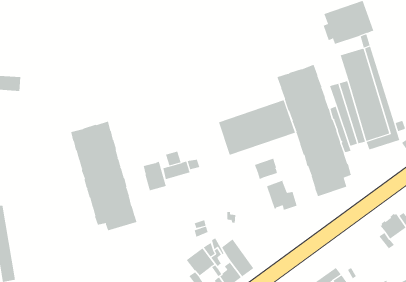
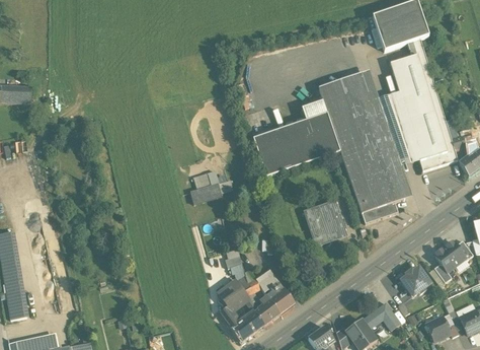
building: [70,120,137,231] -> none
building: [254,158,278,180] -> none
building: [143,161,166,191] -> none
building: none -> [401,267,429,294]

